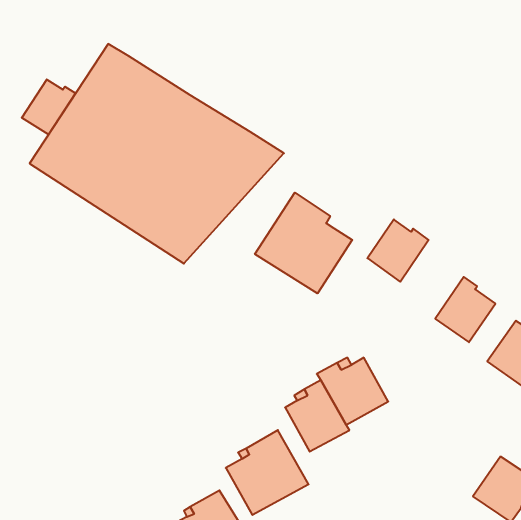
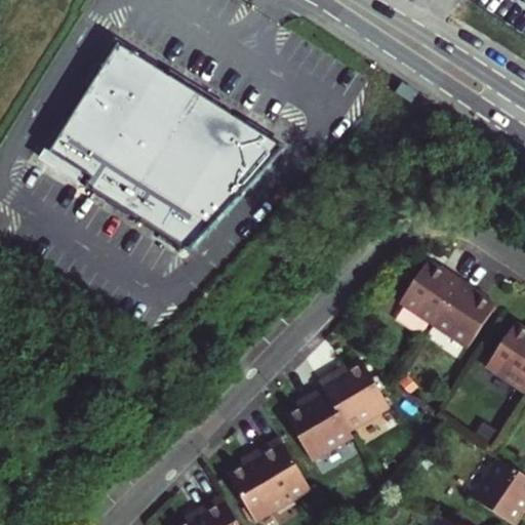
building: [22,79,75,135] -> none
building: [255,193,352,293] -> none
building: [367,219,429,282] -> [405,259,467,322]

